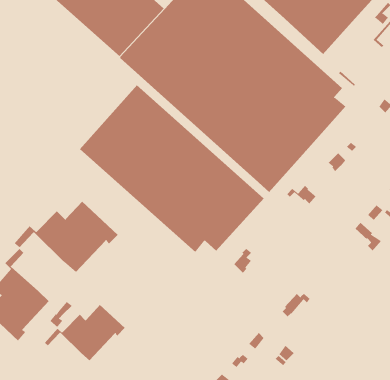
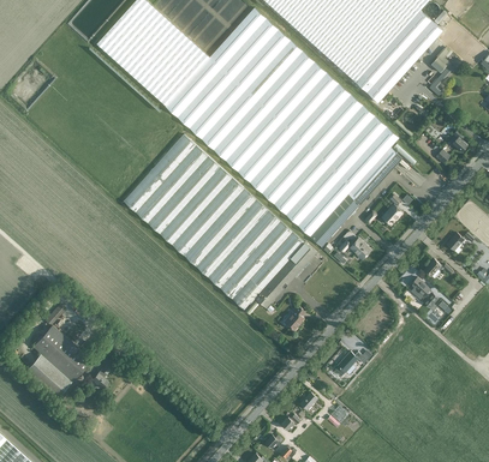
building: [14,201,119,273] -> none
building: [44,304,125,361] -> none

